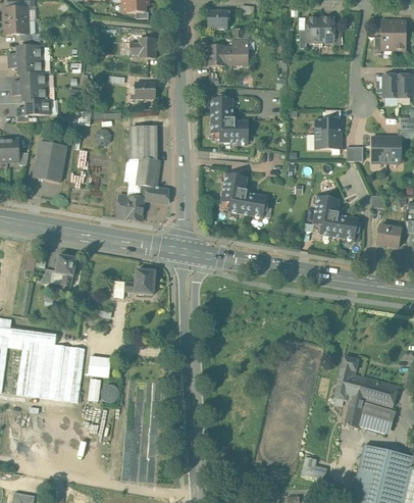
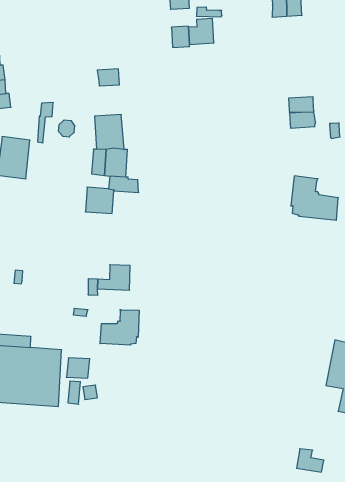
building: [130,39,155,58] -> none
building: [210,98,248,142] -> none
building: [220,172,266,217] -> none
building: [54,256,75,286] -> none
building: none -> [100,310,139,345]

